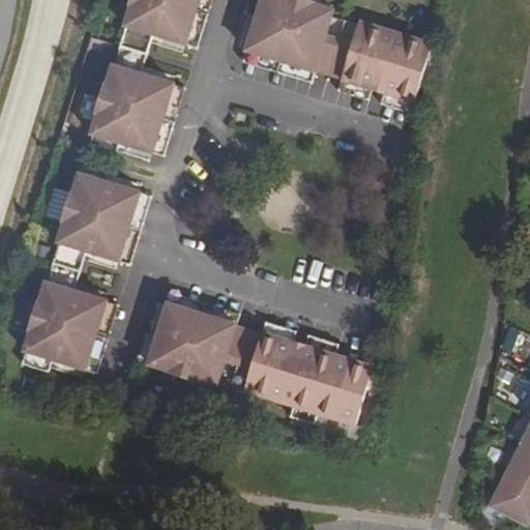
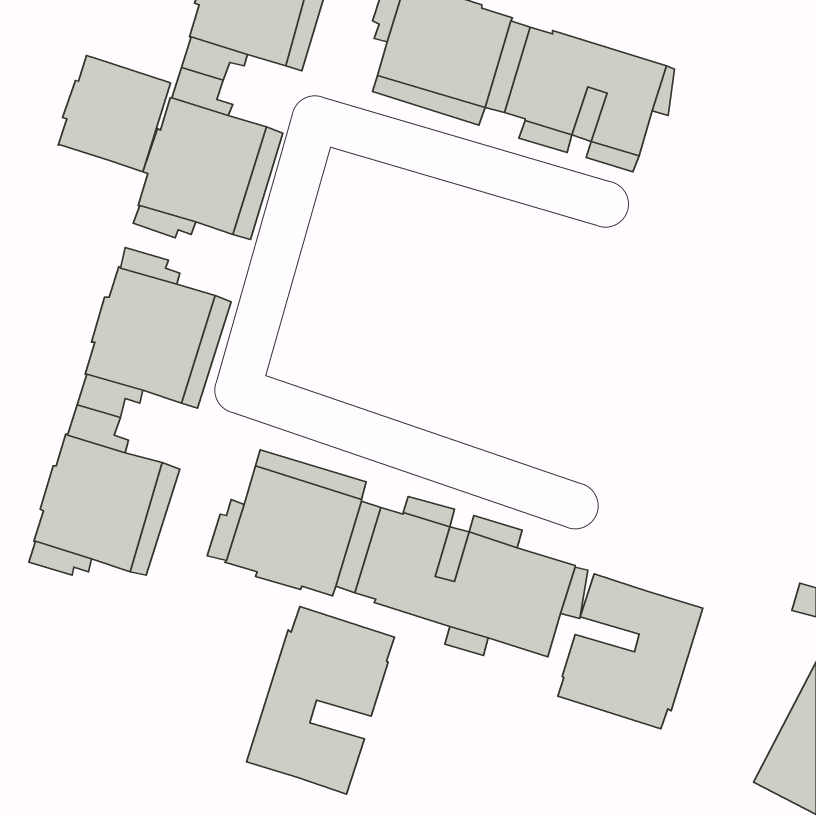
building: none -> [58,56,171,172]
building: none -> [558,574,703,729]
building: none -> [246,606,394,794]

